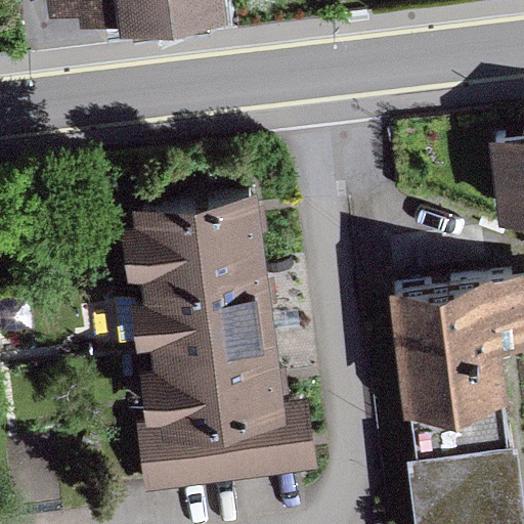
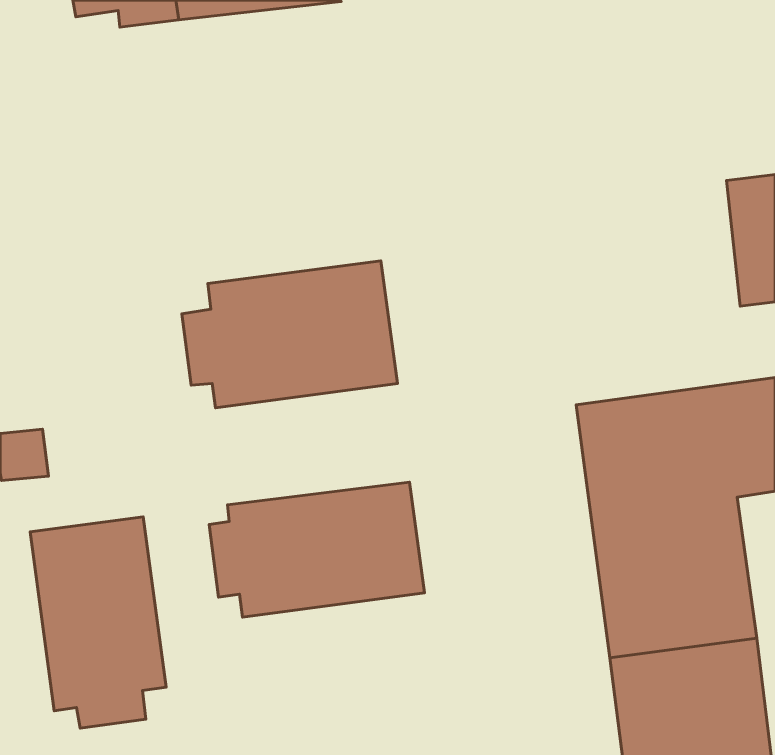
building: [115,272,276,354] -> none
building: none -> [30,517,166,728]
building: [144,410,317,494] -> none

